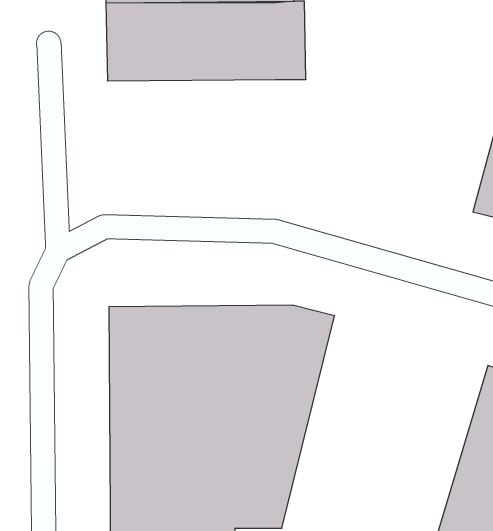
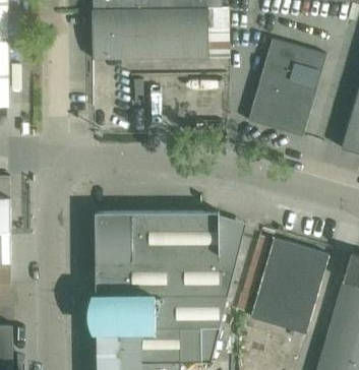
building: none -> [247,39,326,137]
building: none -> [250,240,328,334]

